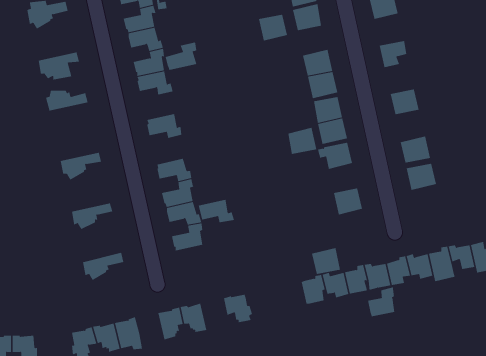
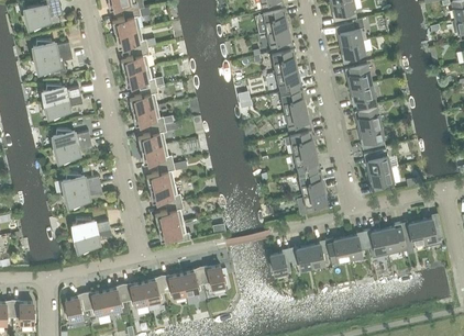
building: [258,14,288,41] -> [266,27,292,52]
building: none -> [335,23,366,45]
building: none -> [32,40,70,58]
building: [165,42,197,70] -> [129,86,157,111]
building: none -> [344,64,371,88]
building: none -> [45,96,82,120]
building: none -> [354,107,380,131]
building: [287,127,317,154] -> [294,149,320,173]
building: none -> [137,124,166,150]
building: none -> [52,128,90,147]
building: none -> [367,168,394,192]
building: none -> [62,173,100,192]
building: [198,199,235,223] -> [157,222,190,243]
building: none -> [71,217,110,237]
building: [311,247,341,275] -> [302,190,329,214]
building: [368,286,395,317] -> none
building: none -> [180,269,203,298]
building: none -> [122,282,147,309]

